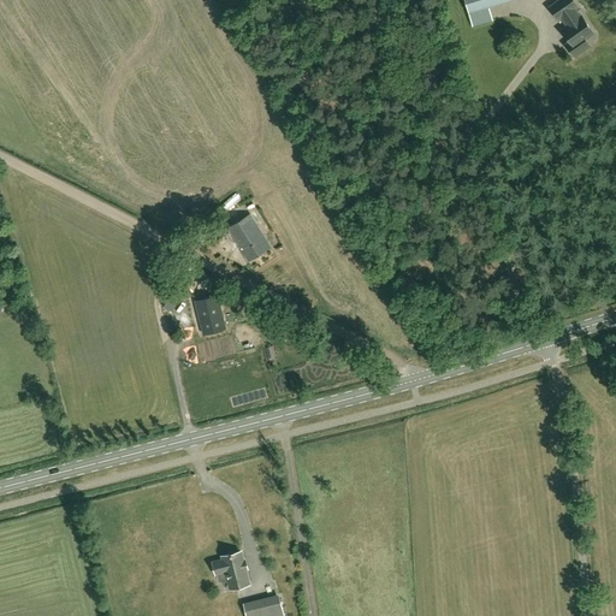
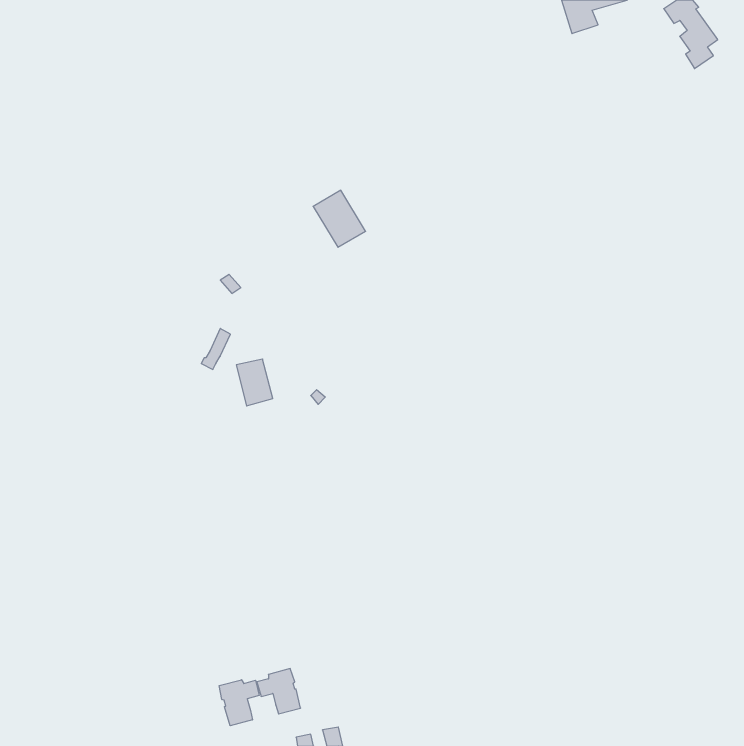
building: [227,214,271,261] -> [313,190,366,247]
building: none -> [219,680,259,726]

